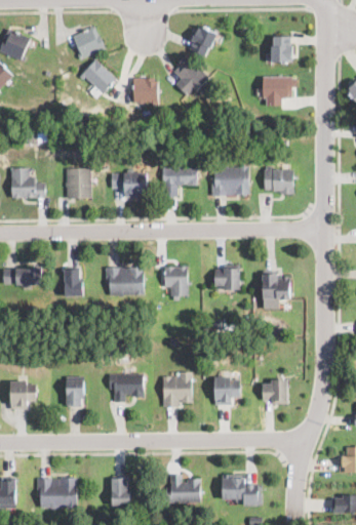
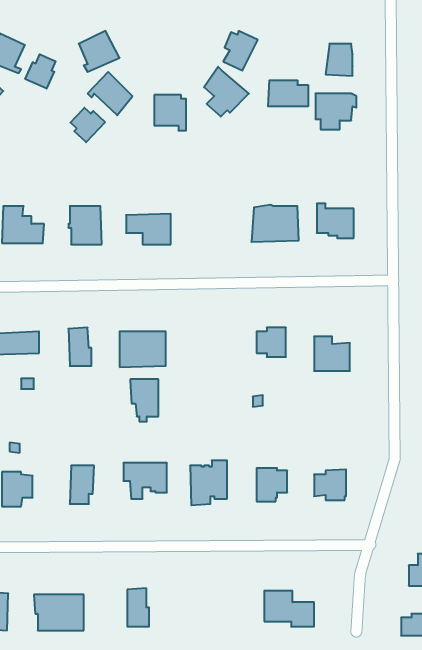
building: none -> [25,54,56,89]
building: none -> [268,80,308,106]
building: none -> [70,108,105,142]
building: [162,167,197,198] -> none
building: [165,266,188,299] -> [130,379,158,421]
building: [165,474,201,501] -> none

